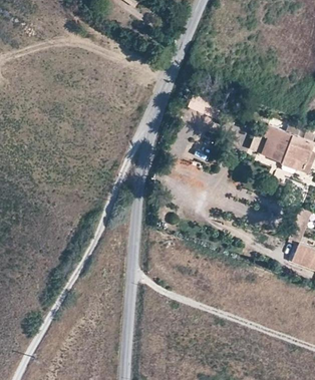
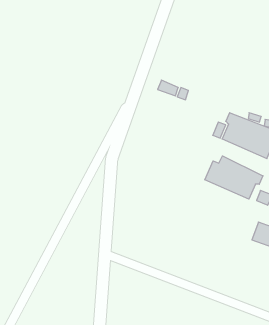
building: none -> [205,156,263,199]

